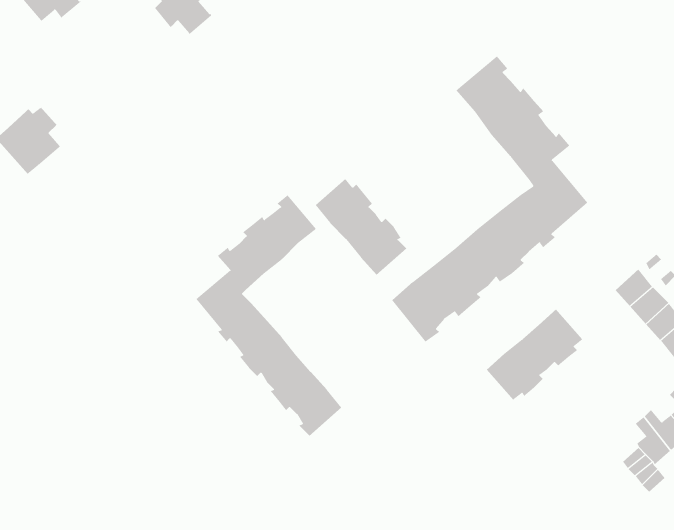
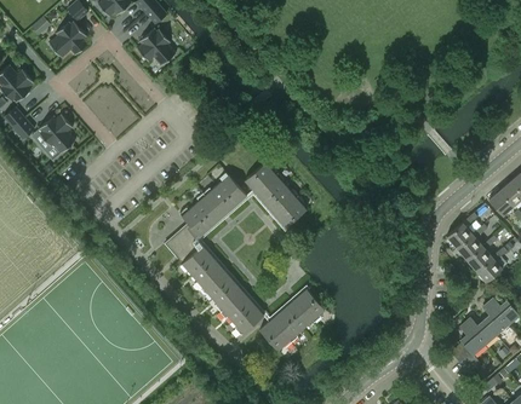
building: [392,56,588,342] -> none
building: [486,308,583,401] -> [259,289,325,351]

